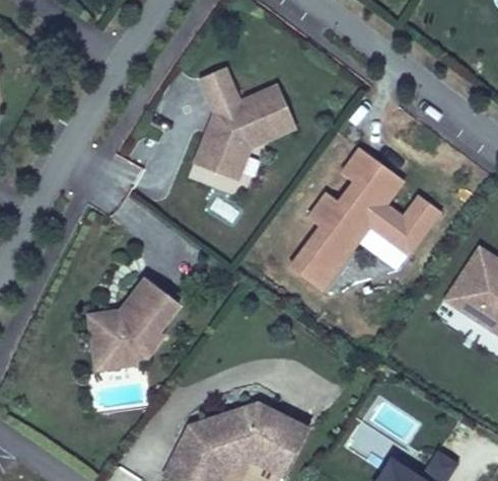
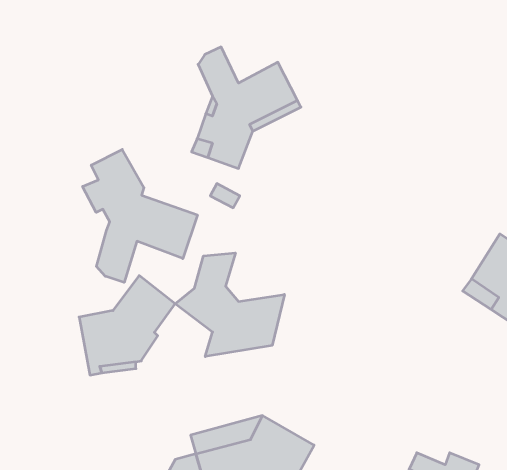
building: [288,145,445,292] -> none
building: none -> [83,149,197,282]
building: none -> [175,253,284,357]

